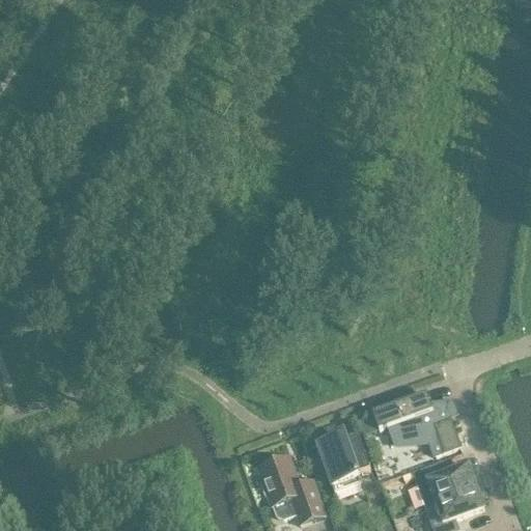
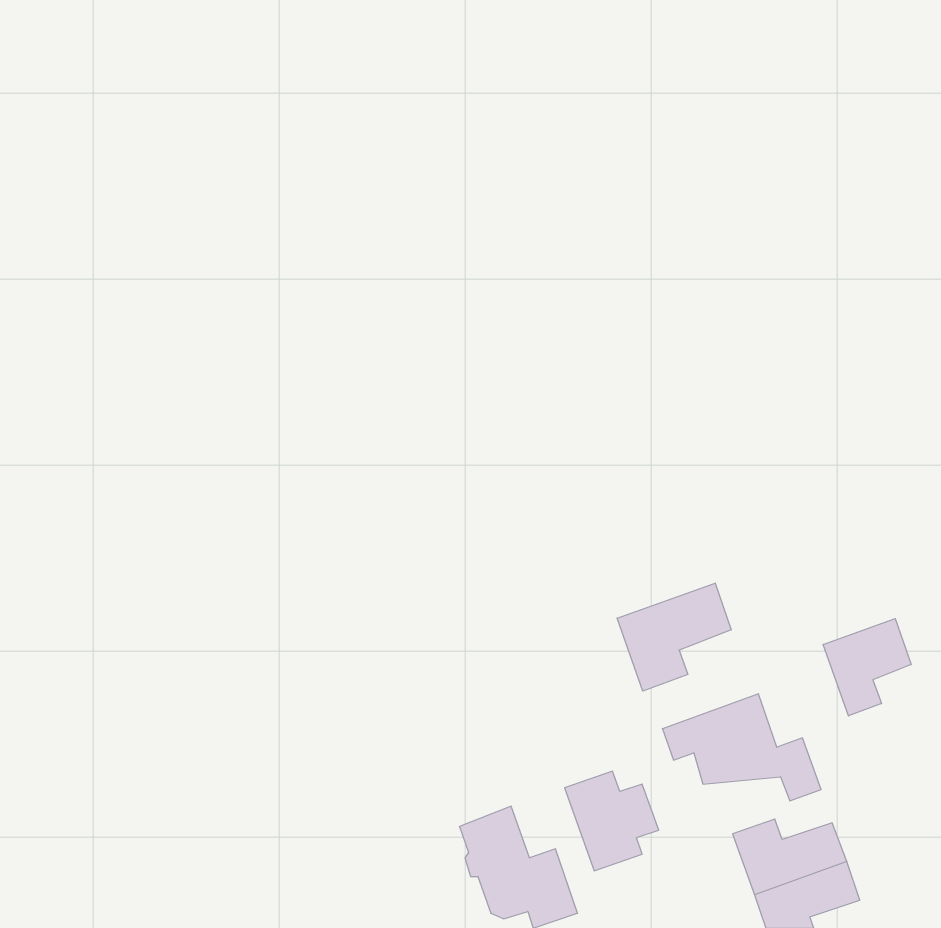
building: none -> [617,583,731,691]
building: none -> [823,619,911,716]

